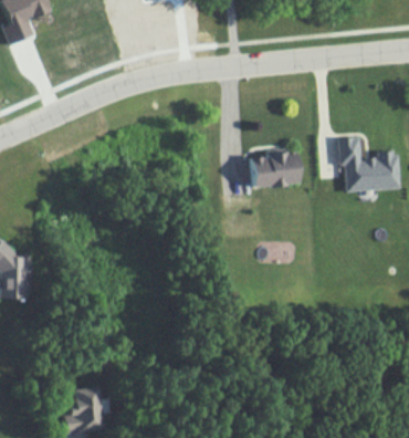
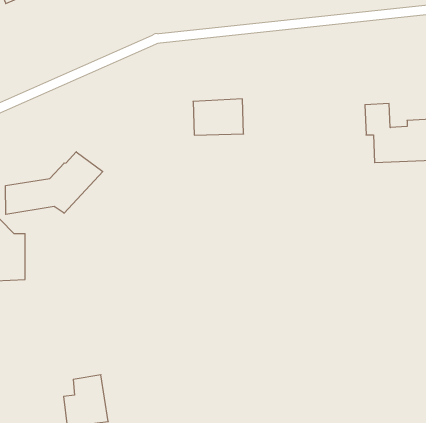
building: [251,153,297,186] -> [193,99,244,135]
building: none -> [6,152,103,214]

